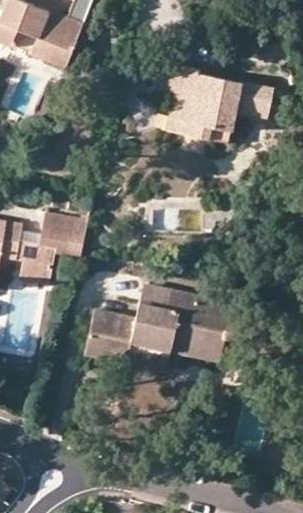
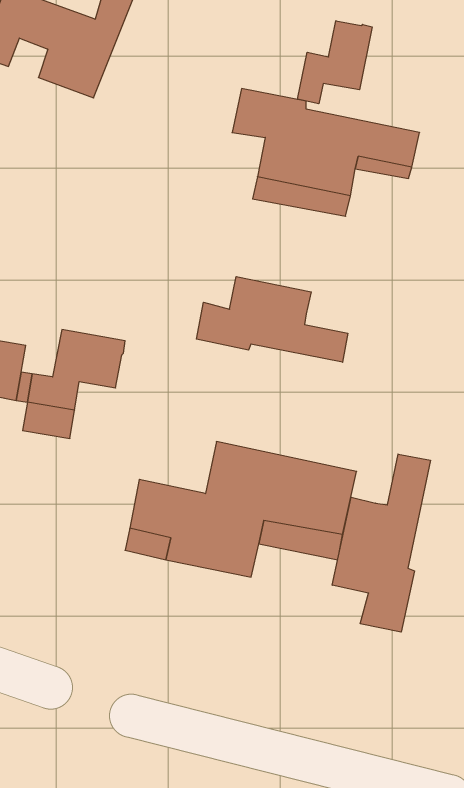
building: none -> [297,21,372,104]
building: none -> [196,277,348,362]
building: none -> [332,454,430,632]

